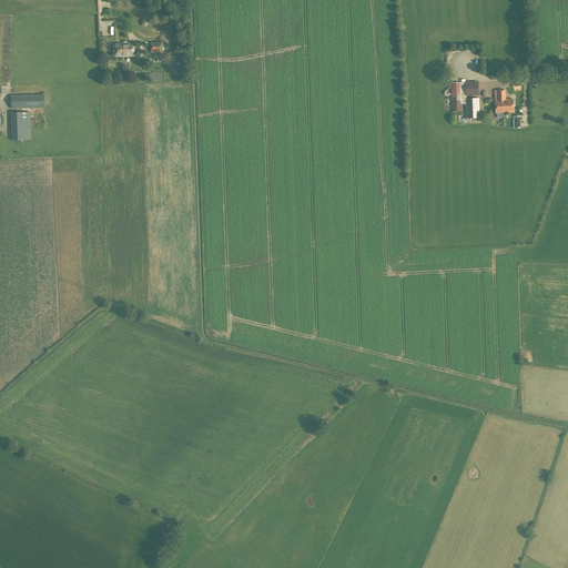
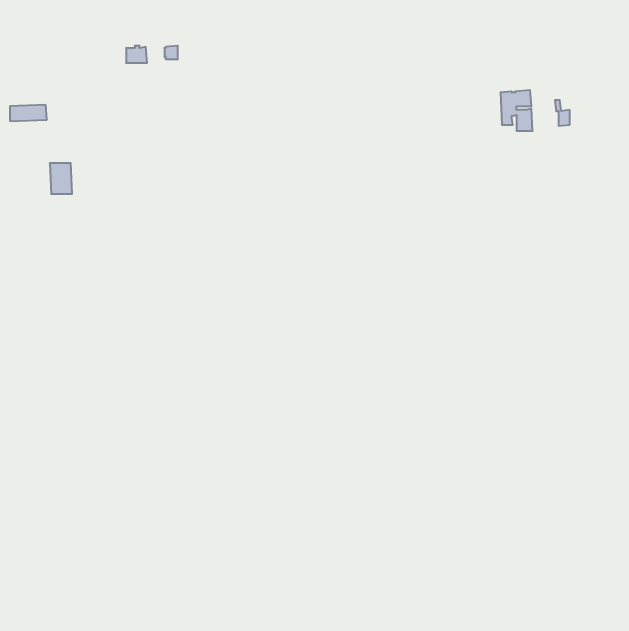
building: [9,112,29,140] -> [50,163,72,194]

